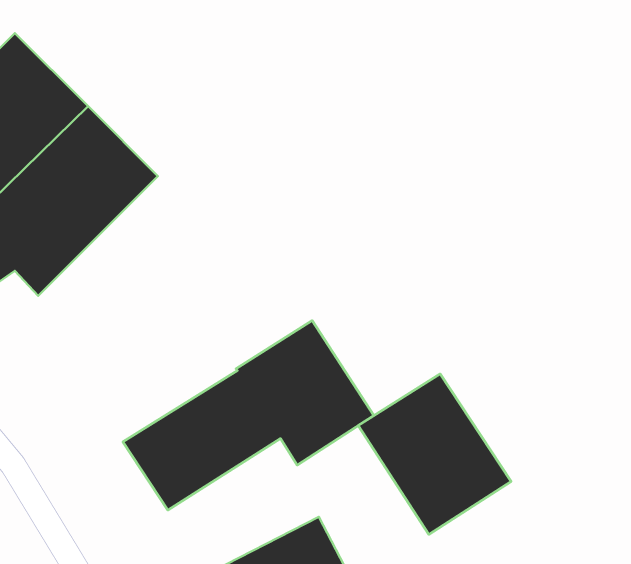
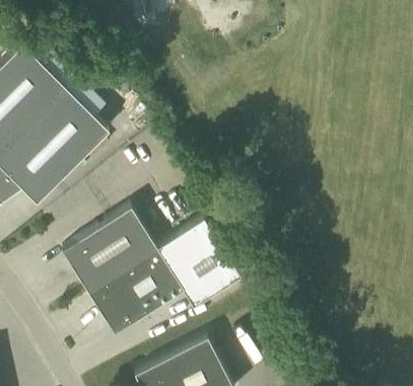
building: none -> [61,208,157,293]
building: [358,374,511,534] -> none

